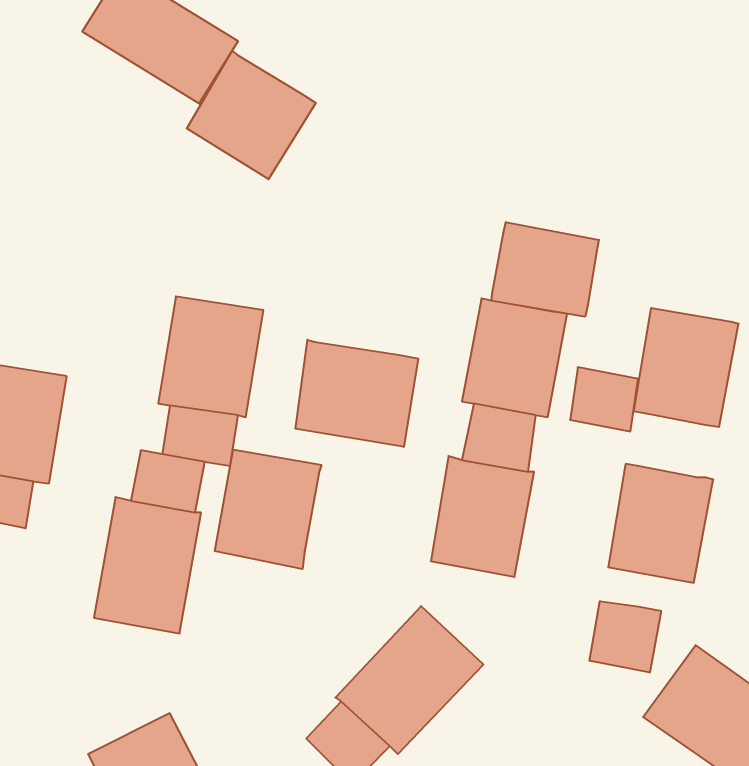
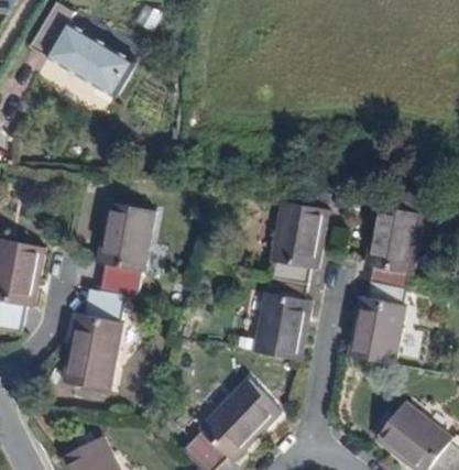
building: [187,51,316,179] -> none
building: [491,222,599,317] -> none
building: [295,340,418,447] -> none
building: [570,367,638,431] -> [367,267,405,304]
building: [215,449,321,569] -> none
building: [589,601,661,673] -> none

